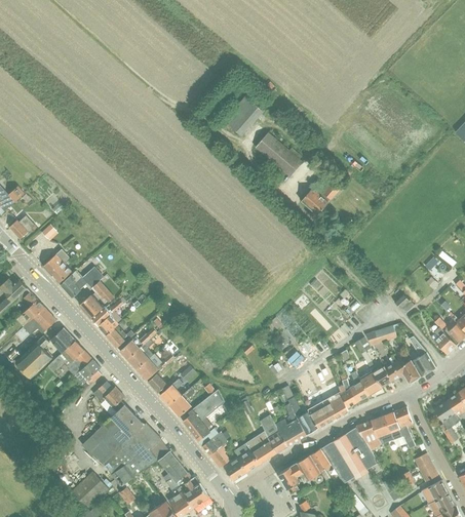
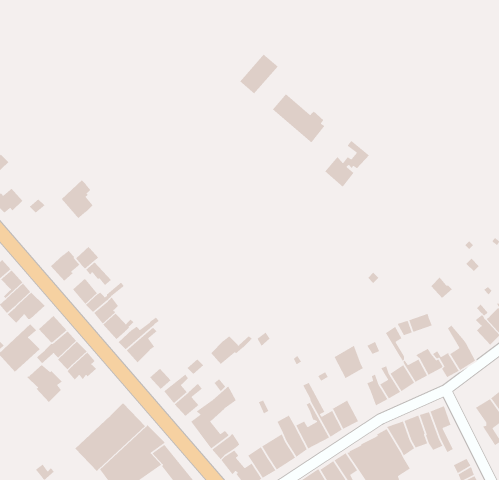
building: [42,249,71,284] -> [61,179,93,219]
building: [137,355,173,381] -> [210,335,252,365]
building: [92,383,124,416] -> [27,364,63,403]
building: [321,392,348,422] -> [334,345,364,379]

